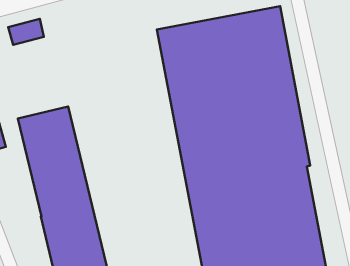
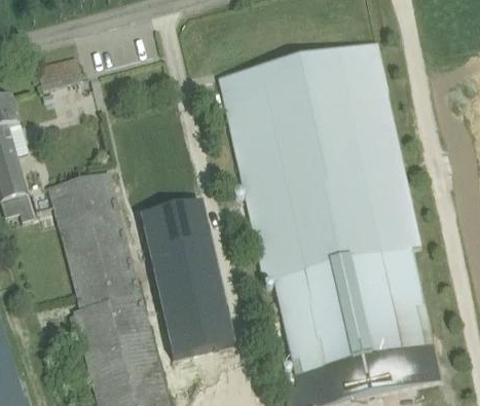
building: none -> [139,200,233,359]

